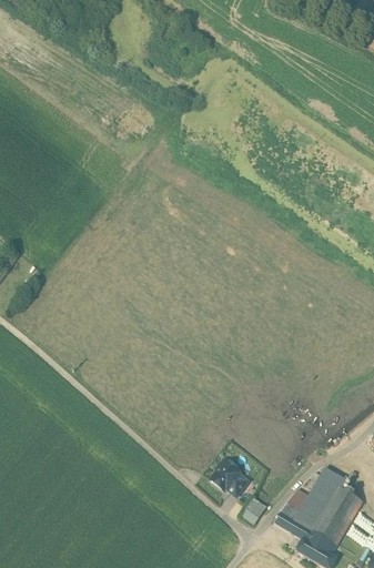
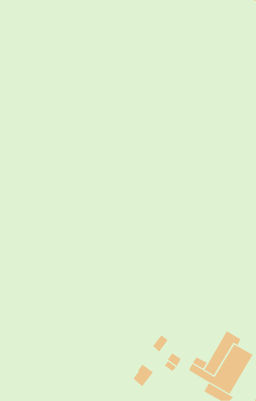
building: [210,458,239,489] -> [132,364,154,387]

